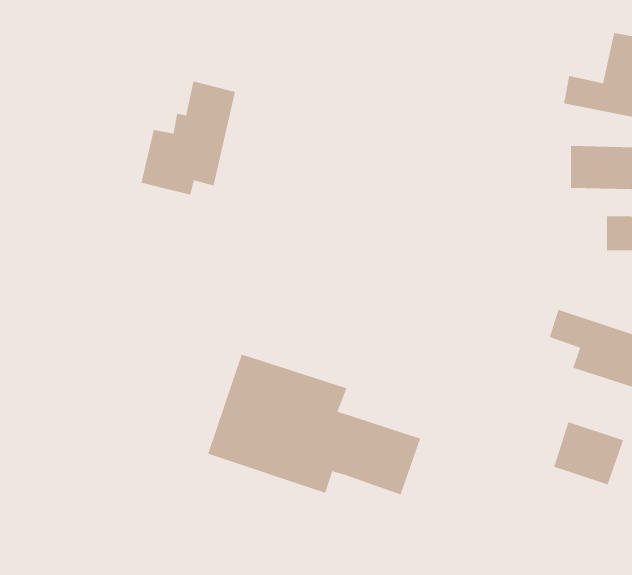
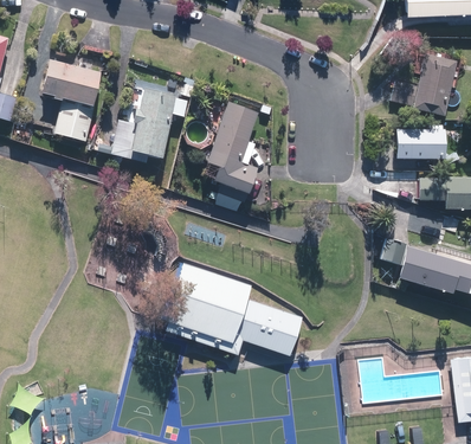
building: none -> [45,62,104,141]
building: none -> [209,99,262,200]
building: [553,421,624,485] -> none

